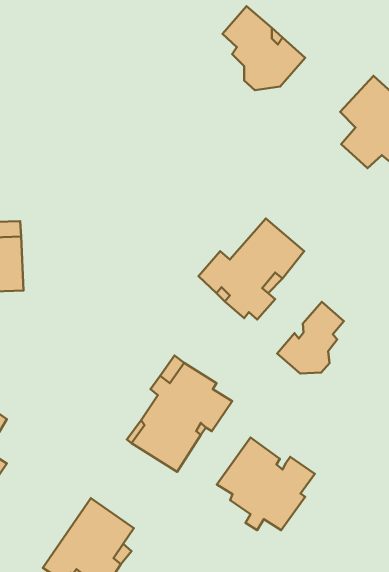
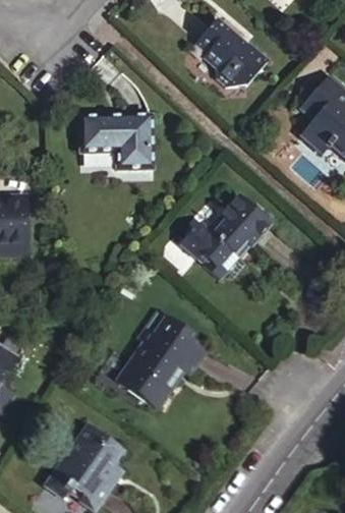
building: none -> [80,114,155,169]
building: [277,302,344,373] -> none
building: [217,438,315,530] -> none

